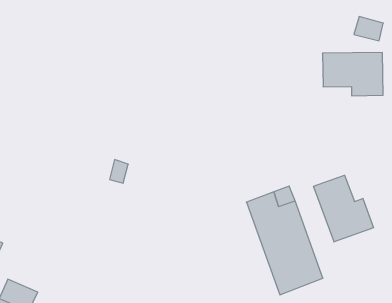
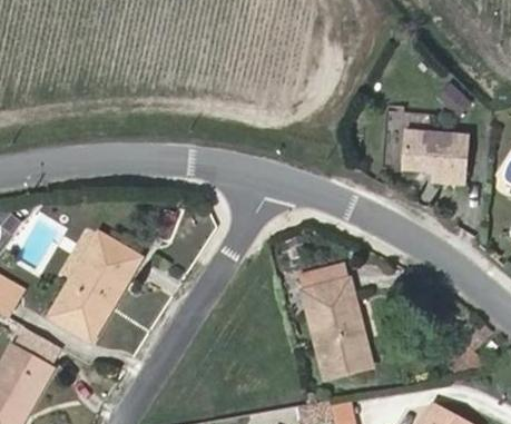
building: [314,175,373,242] -> none
building: none -> [52,237,139,339]

